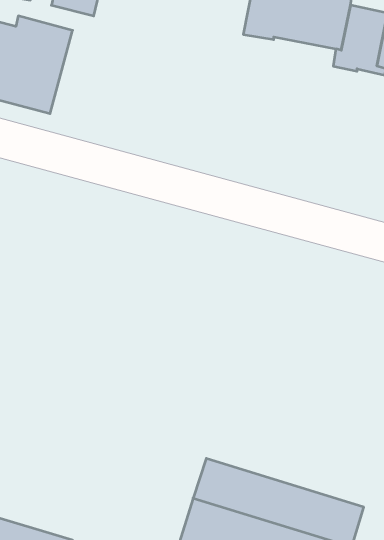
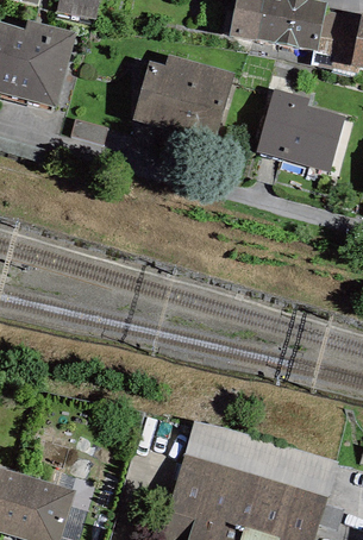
building: none -> [132,55,234,143]
building: none -> [257,88,345,171]

